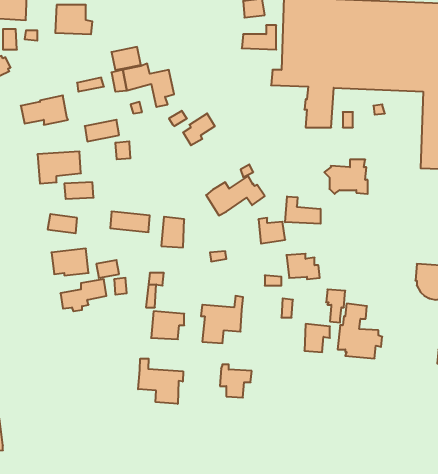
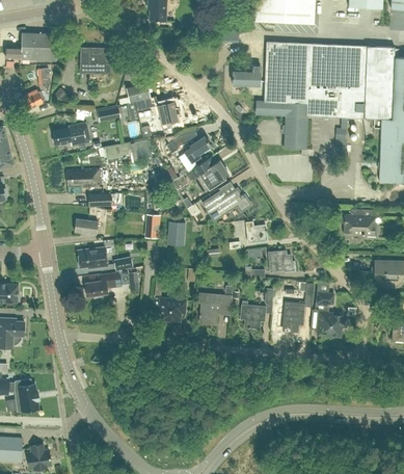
building: none -> [186,156,227,190]
building: [324,160,368,194] -> [340,209,375,237]
building: [285,196,321,224] -> none
building: [138,359,183,404] -> none
building: [220,364,252,398] -> [240,300,266,327]

